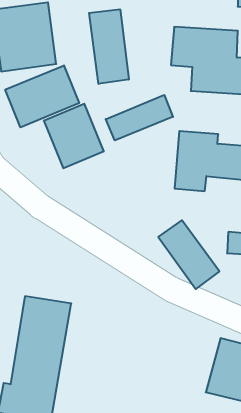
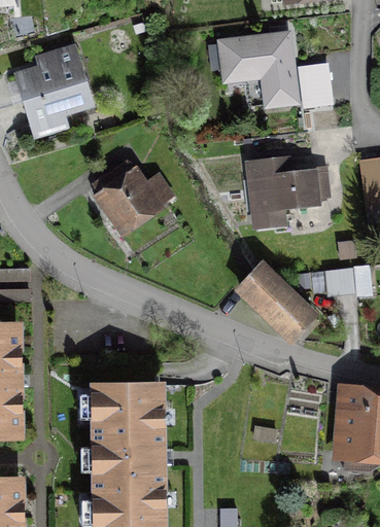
building: [89,9,129,84] -> none
building: [5,65,79,127] -> none
building: [106,95,173,140] -> none

